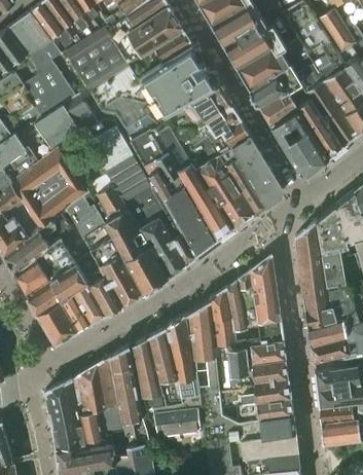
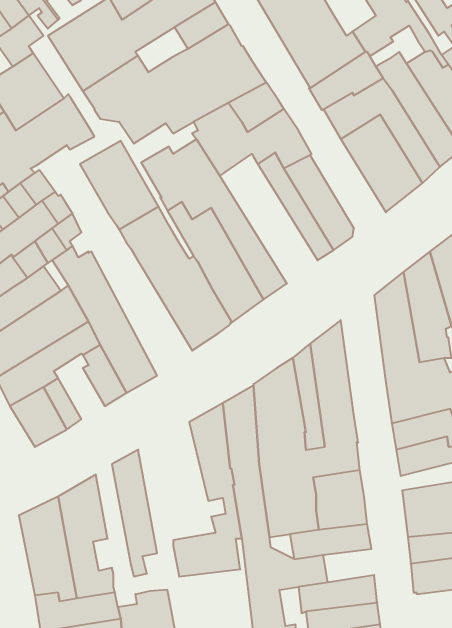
building: [186,138,255,229] -> none
building: [96,188,167,294] -> none
building: [69,279,105,325] -> none
building: [133,327,183,411] -> none
building: [97,357,123,432] -> none
building: [259,416,295,440] -> none

